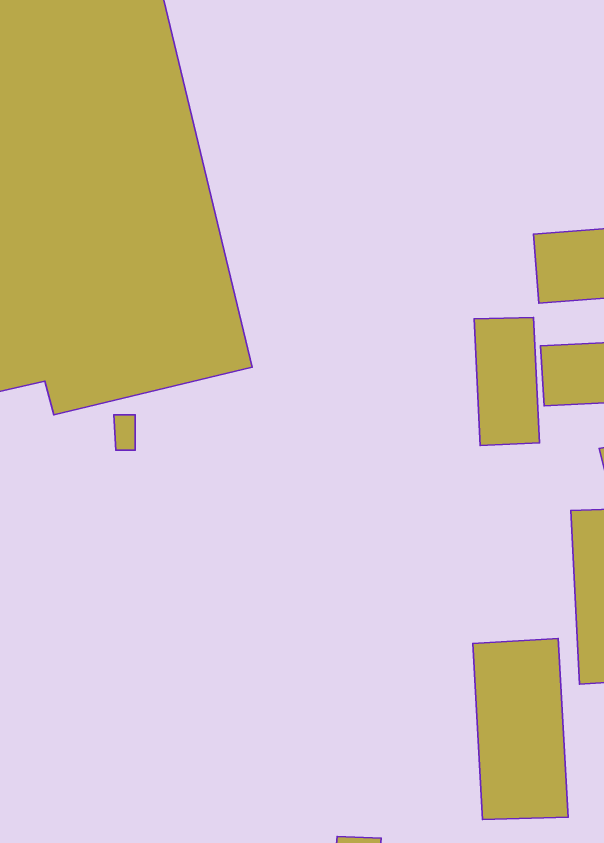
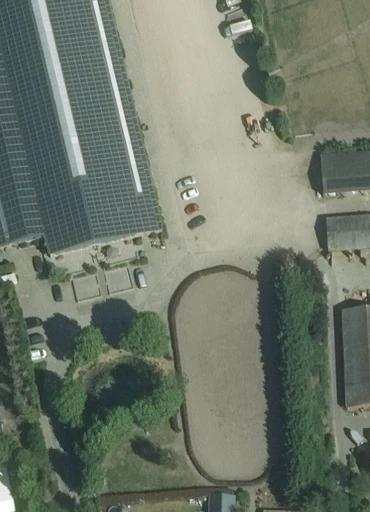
building: [474,318,539,446] -> none
building: [473,639,568,820] -> none

